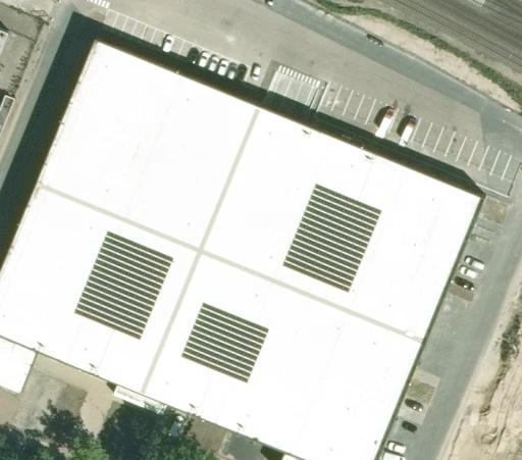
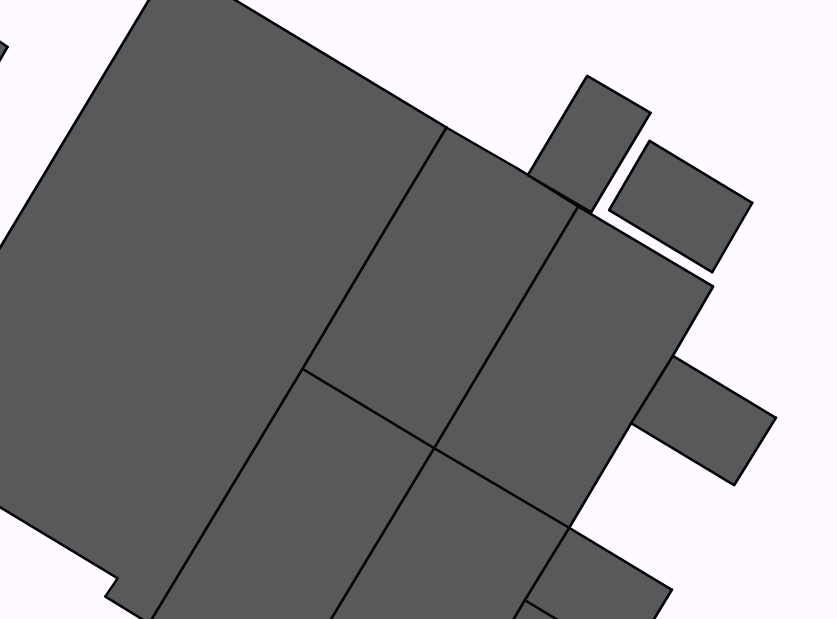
building: none -> [528,76,651,212]
building: [403,171,481,239] -> [609,141,752,272]
building: [360,254,448,343] -> none

